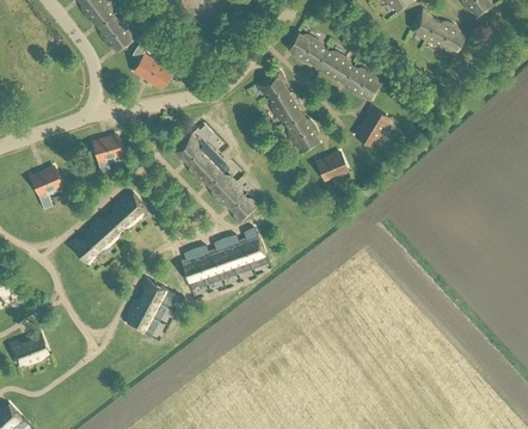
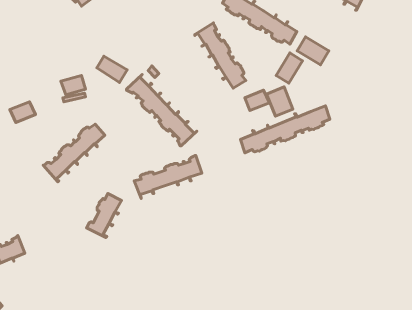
building: [135,56,172,88] -> [97,56,127,83]
building: none -> [297,37,329,65]
building: none -> [266,87,293,116]
building: none -> [240,106,330,153]

